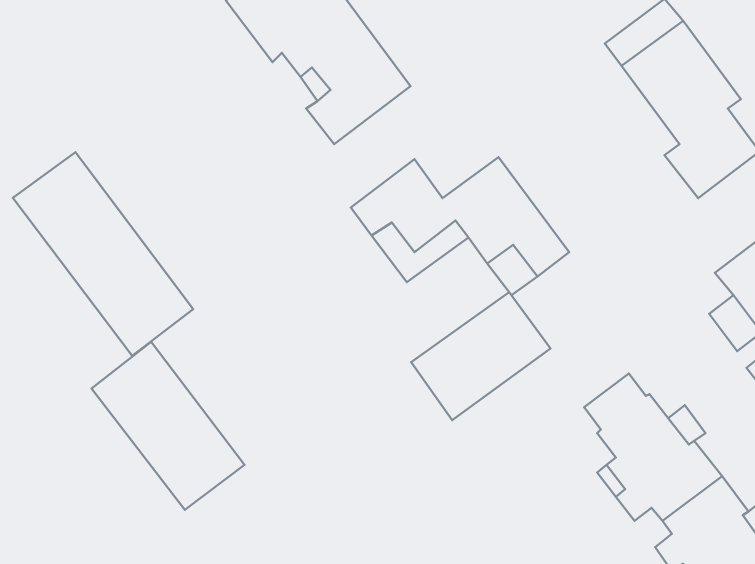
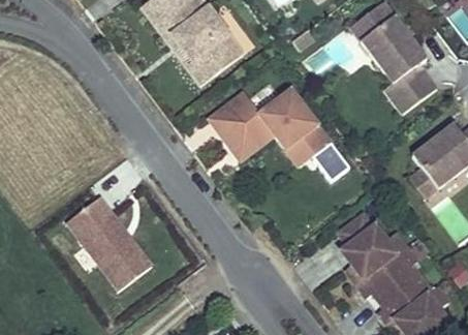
building: [13,152,193,356] -> none
building: [411,292,550,420] -> none

